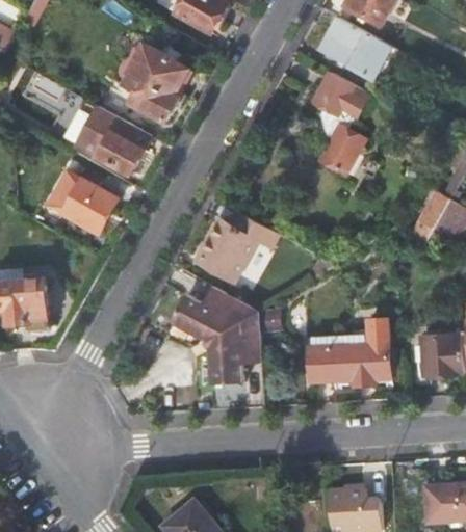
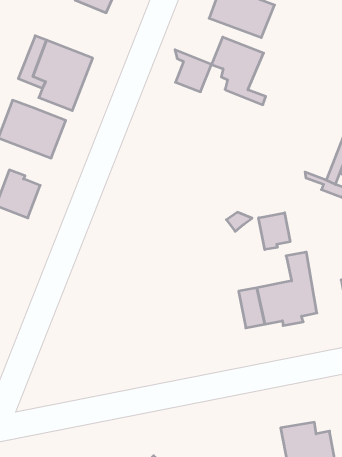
building: [320,129,361,177] -> [175,50,212,92]
building: [204,212,279,281] -> none
building: none -> [259,213,290,250]
building: [171,288,260,381] -> none

